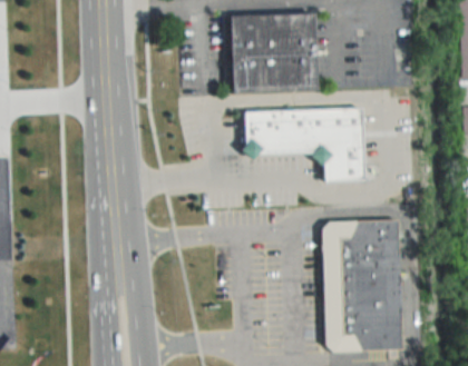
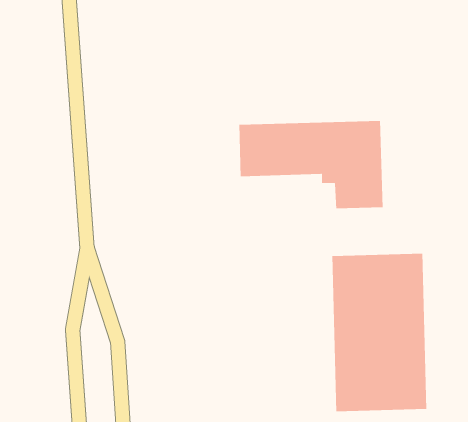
building: [228,12,316,92] -> none

